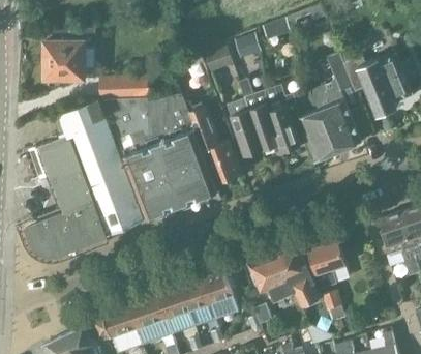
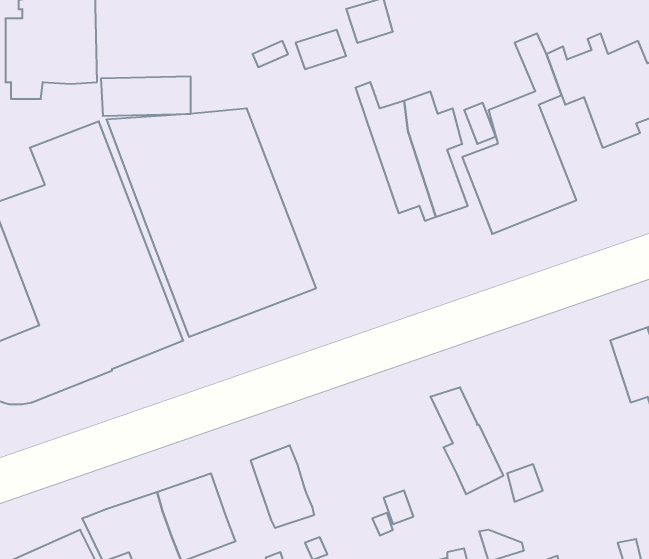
building: [228,100,262,156] -> none
building: [188,106,239,184] -> none
building: [305,239,344,273] -> none
building: [246,253,294,305] -> none
building: [202,273,234,318] -> none
building: [158,288,193,332] -> none

